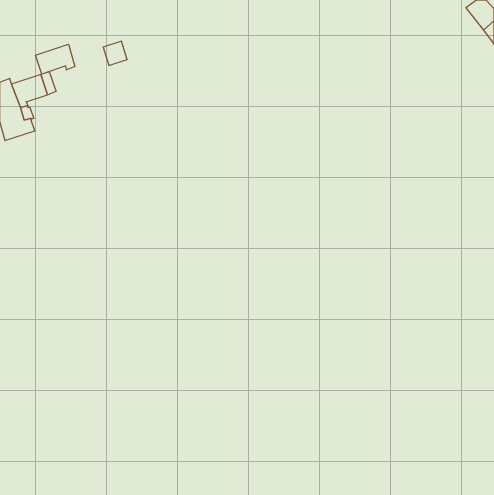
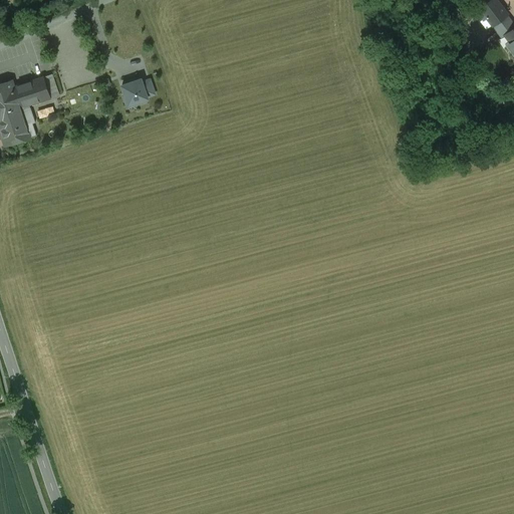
building: [103,41,127,65] -> [121,79,147,104]
building: [35,44,75,74] -> none

